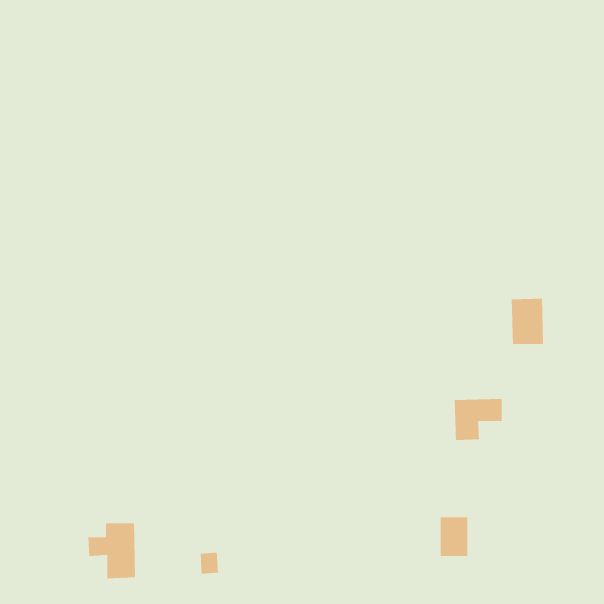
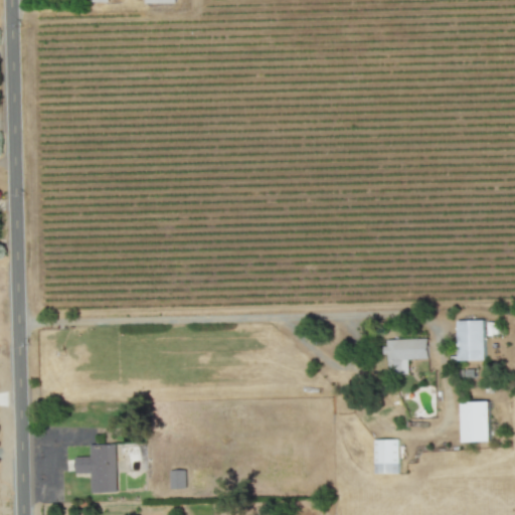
building: [511,298,544,345] -> [457,320,485,360]
building: none -> [461,401,490,443]

